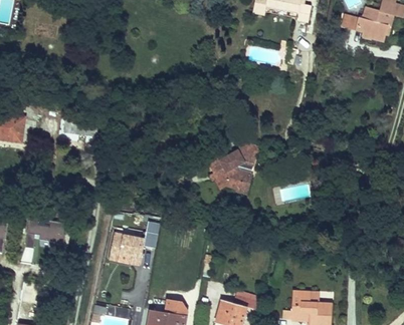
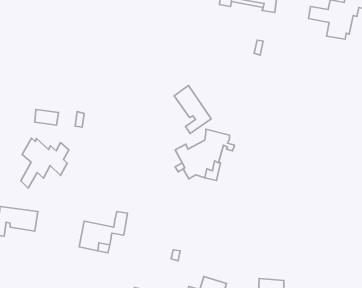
building: none -> [174,85,211,133]
building: none -> [21,138,69,188]

